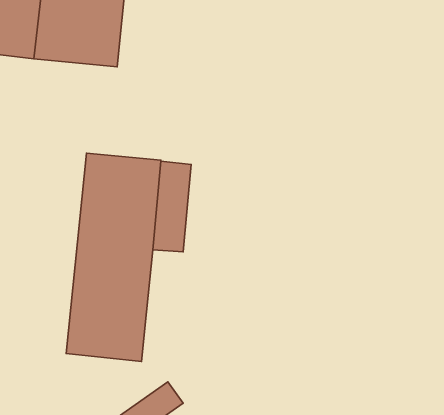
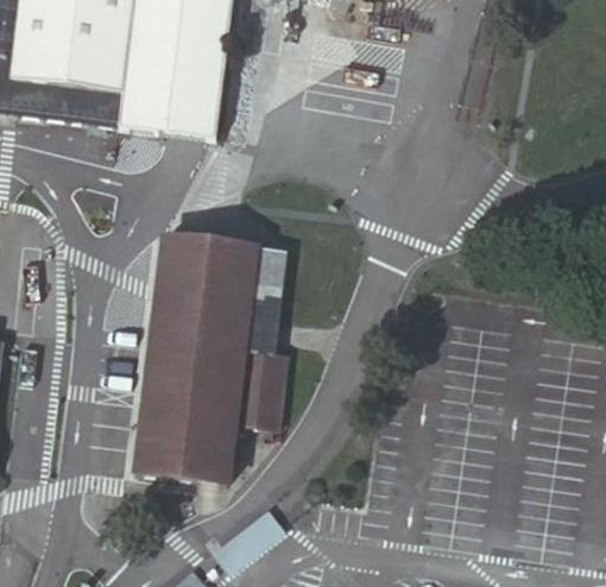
building: none -> [233,348,288,424]

